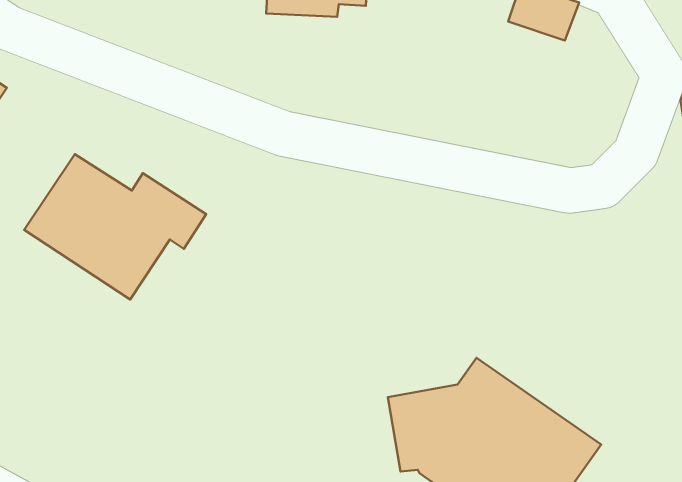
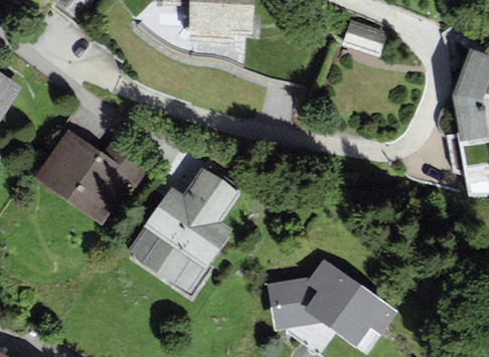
building: none -> [126,167,240,294]

